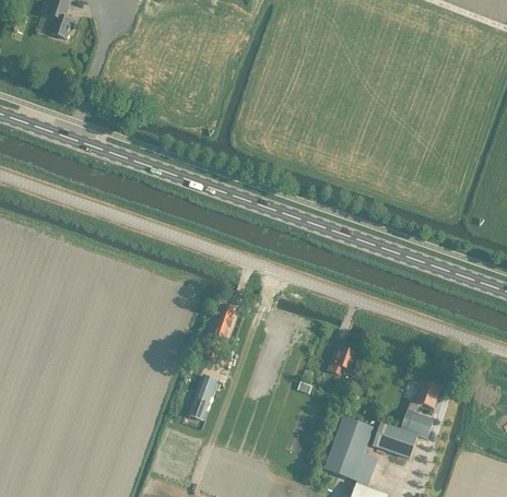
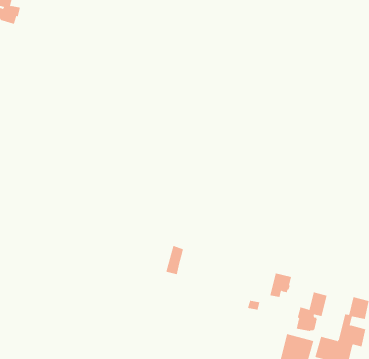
building: none -> [296,291,327,332]
building: [188,375,216,419] -> none

